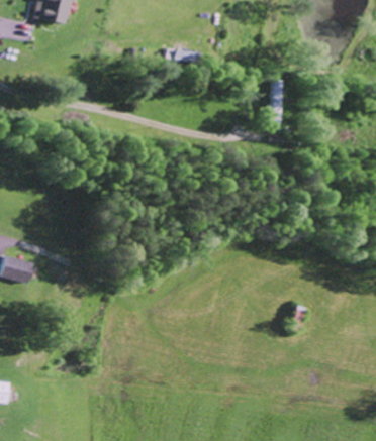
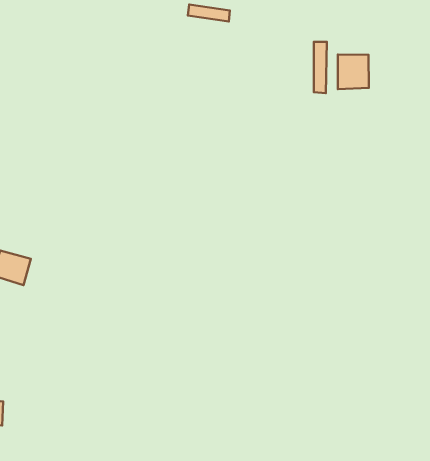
building: none -> [338,55,369,89]

